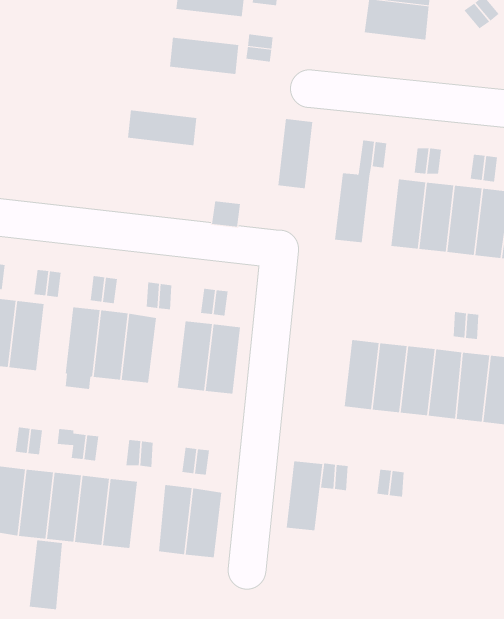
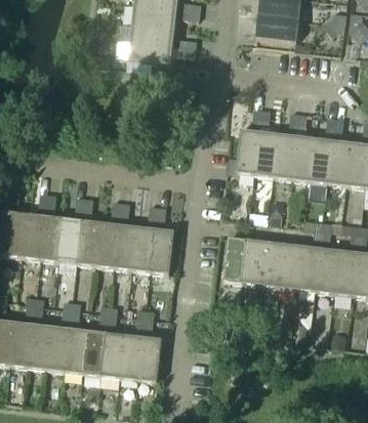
building: [127,110,197,146] -> [129,20,175,44]
building: [277,119,313,189] -> [254,130,278,176]
building: none -> [40,214,64,260]
building: none -> [114,223,137,269]
building: [286,461,323,531] -> [222,236,247,282]
building: [29,540,63,610] -> [101,331,124,377]

